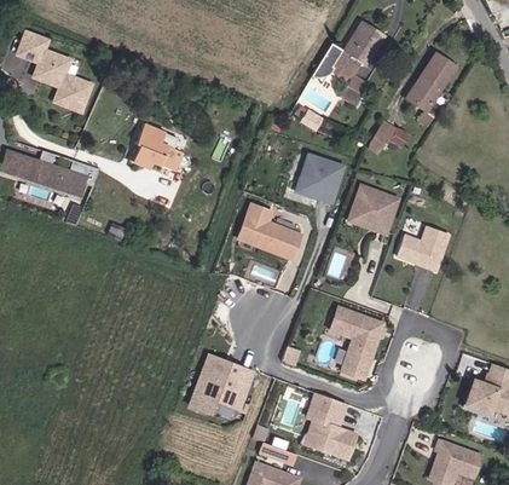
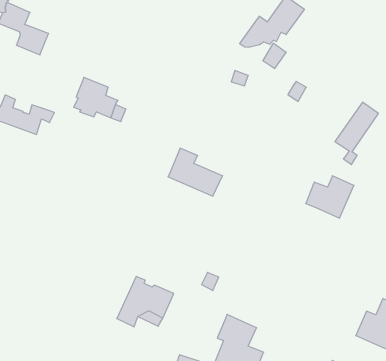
building: [405,52,453,125] -> [335,102,378,165]
building: [294,152,343,202] -> none
building: [346,184,401,239] -> none
building: [330,305,387,382] -> none

